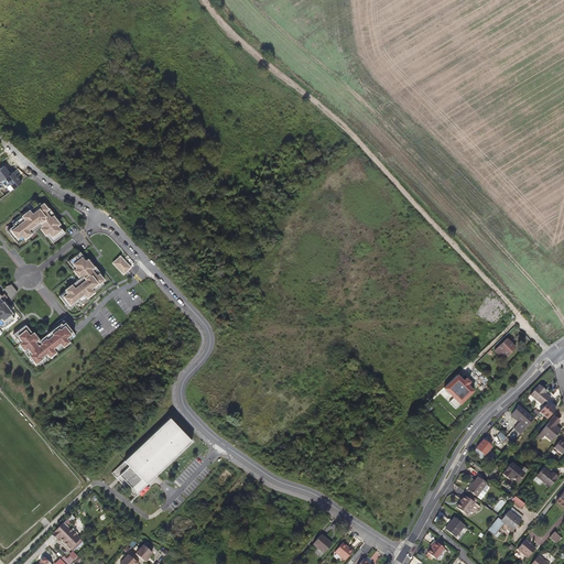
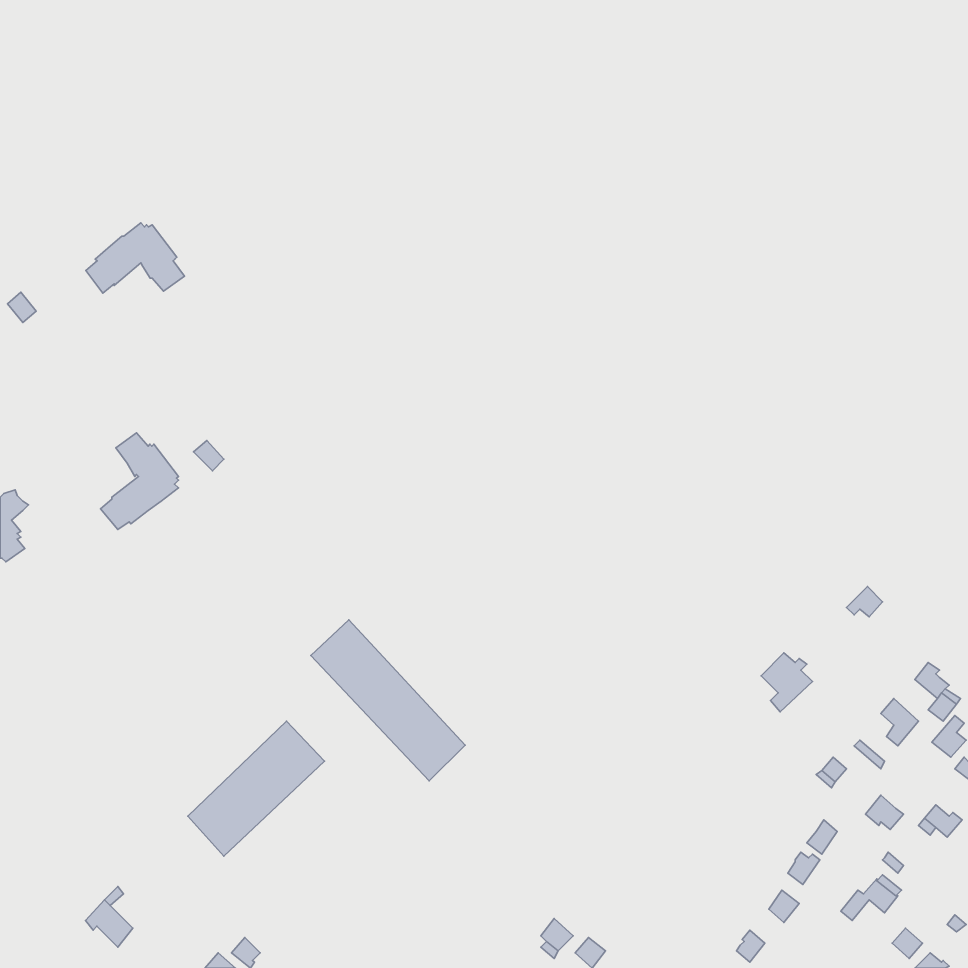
building: [9,202,66,242] -> [86,223,184,293]
building: [13,322,75,364] -> none
building: none -> [311,620,465,781]

